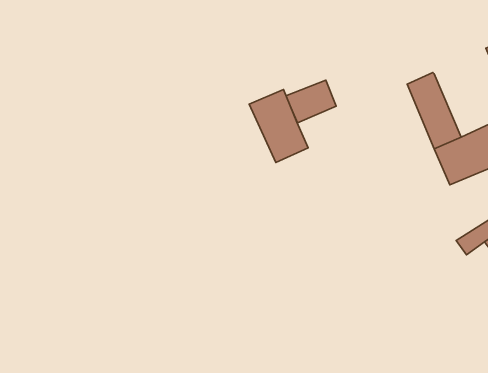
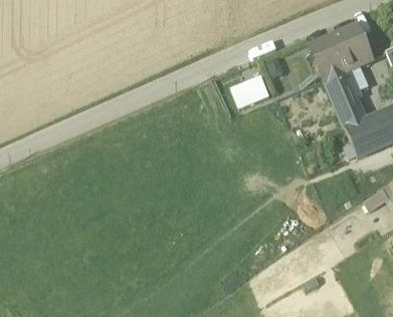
building: none -> [311,26,373,79]
building: [249,90,308,162] -> none

